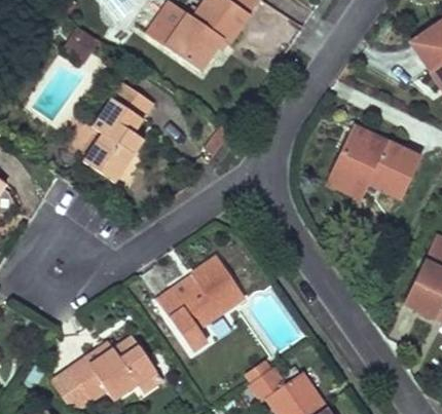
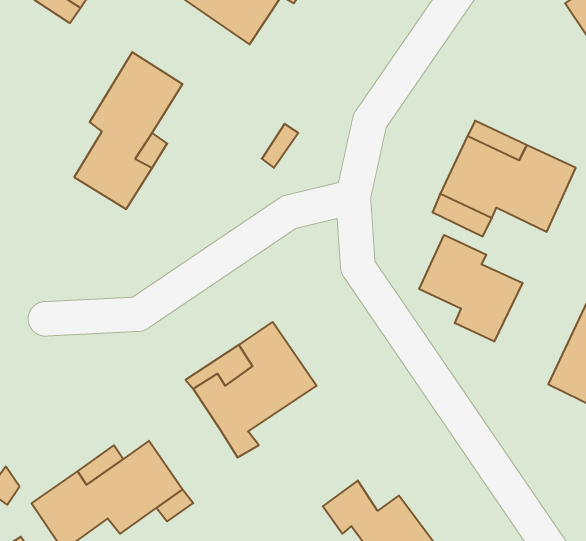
building: none -> [419,235,523,342]

